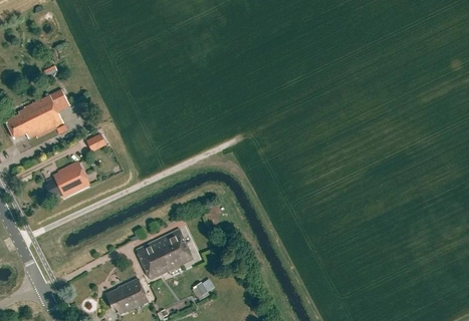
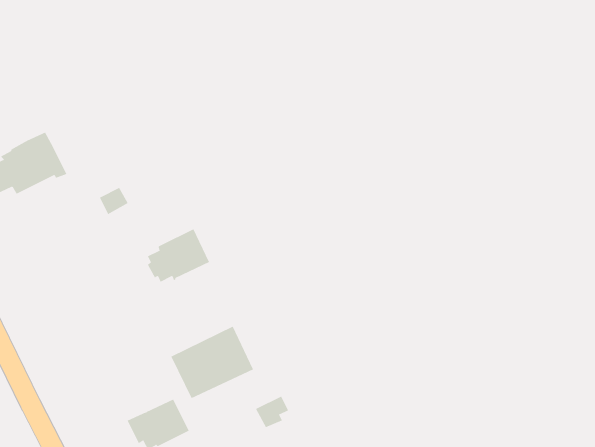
building: [46,162,89,199] -> [147,228,210,282]

